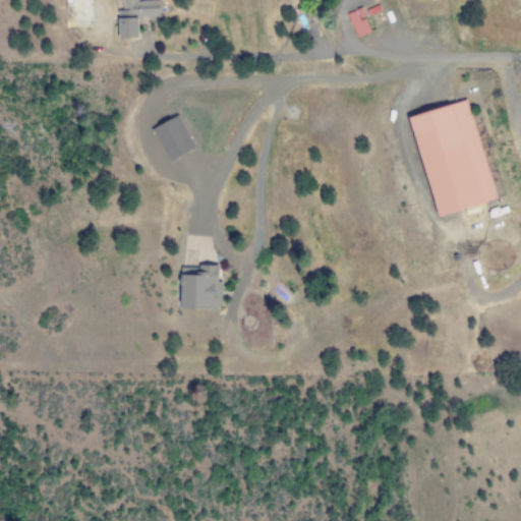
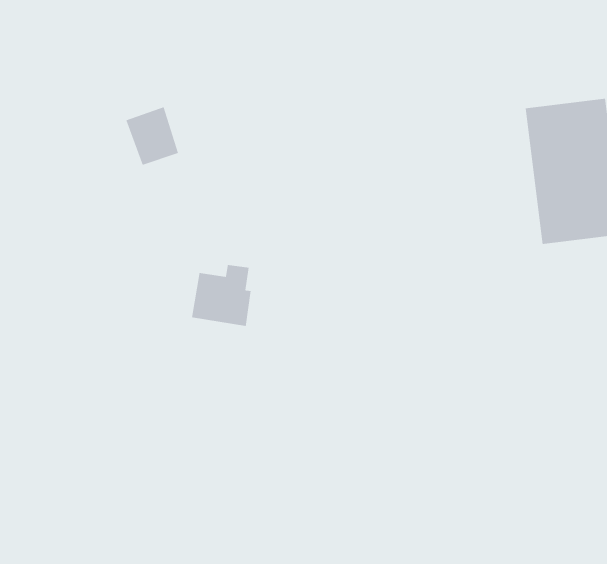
building: [153,114,196,161] -> [126,107,179,166]

